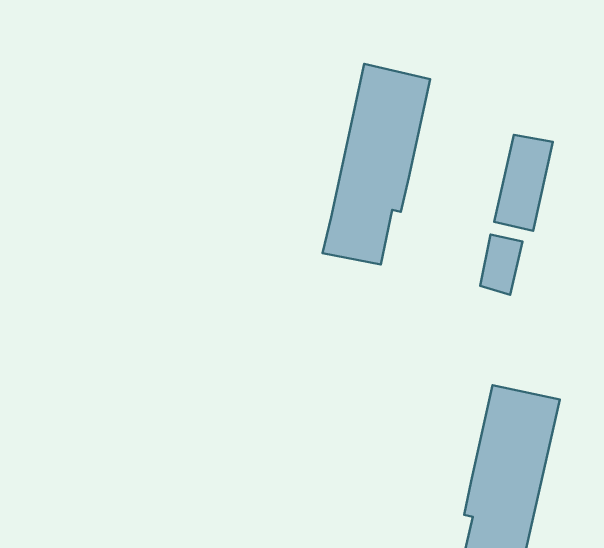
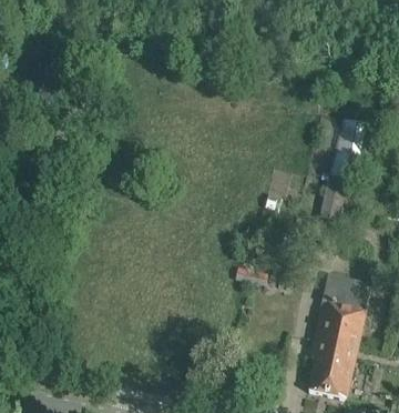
building: [323,64,430,265] -> none

